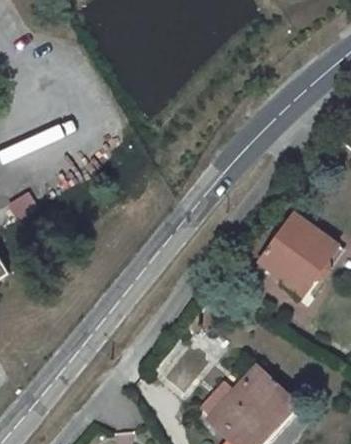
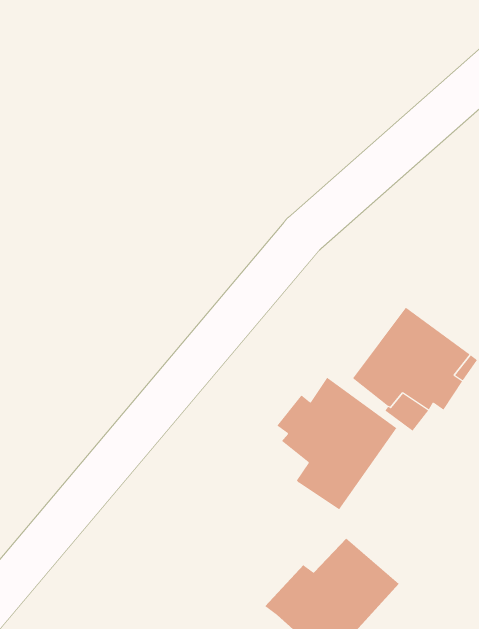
building: none -> [276,377,397,510]

